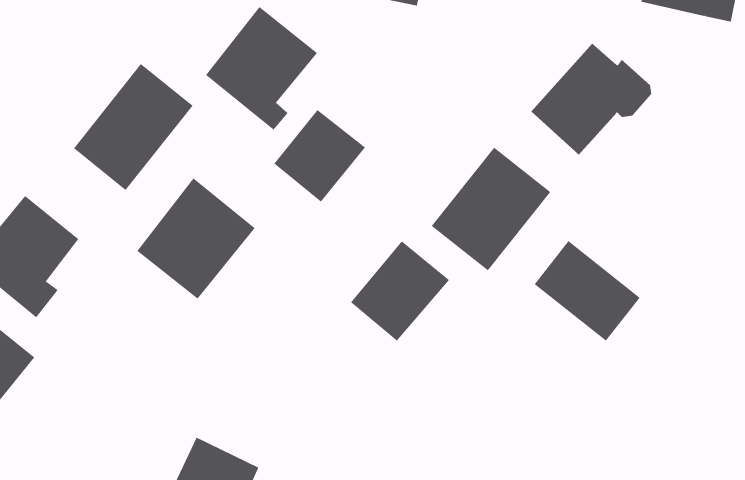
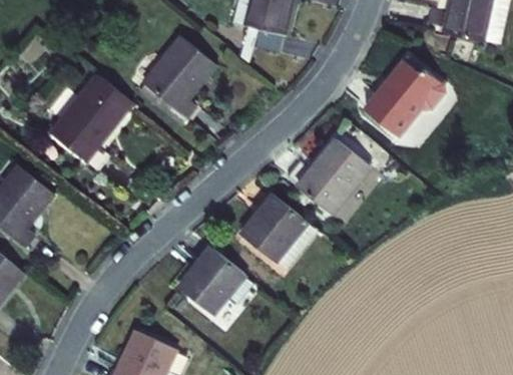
building: [274,109,366,202] -> none
building: [136,178,255,300] -> none
building: [534,240,640,342] -> none
building: none -> [174,246,246,317]

